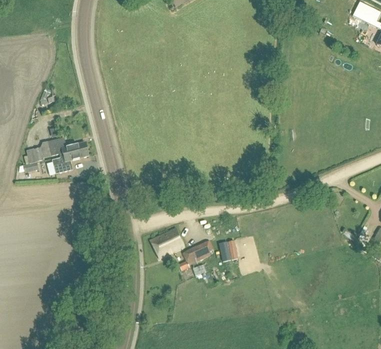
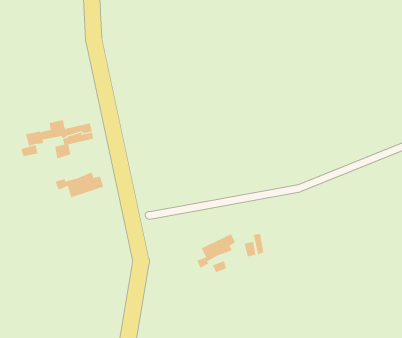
building: none -> [55,172,104,198]
building: [150,227,184,258] -> none

